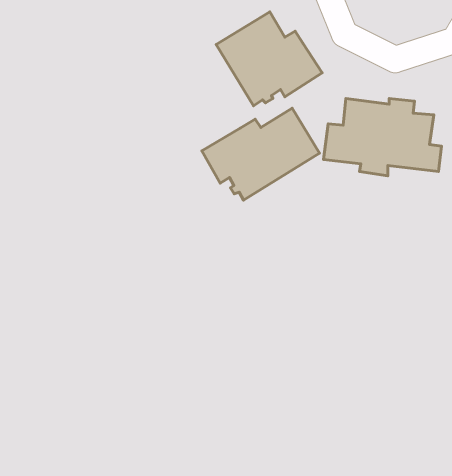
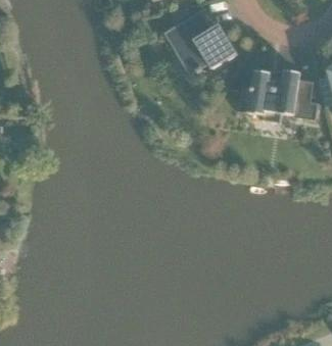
building: [202,108,320,200] -> none

